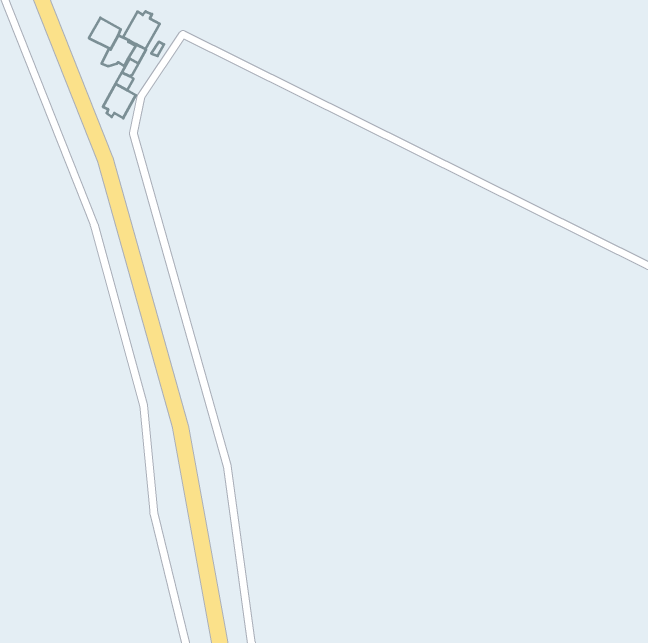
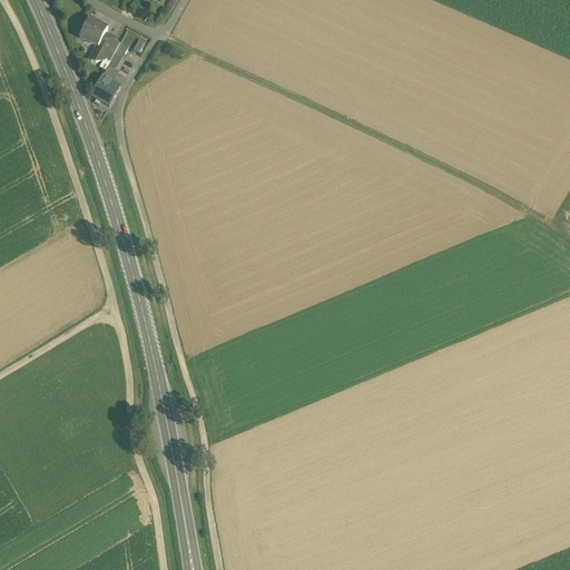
building: [123,11,160,49] -> none

